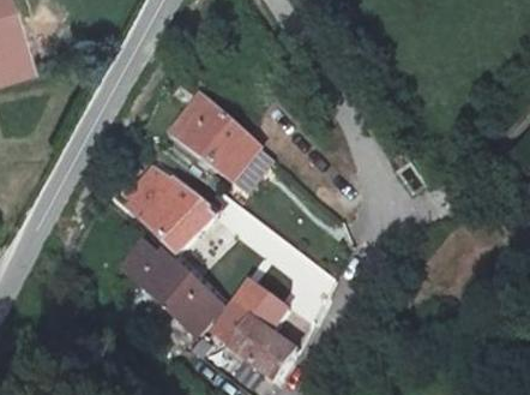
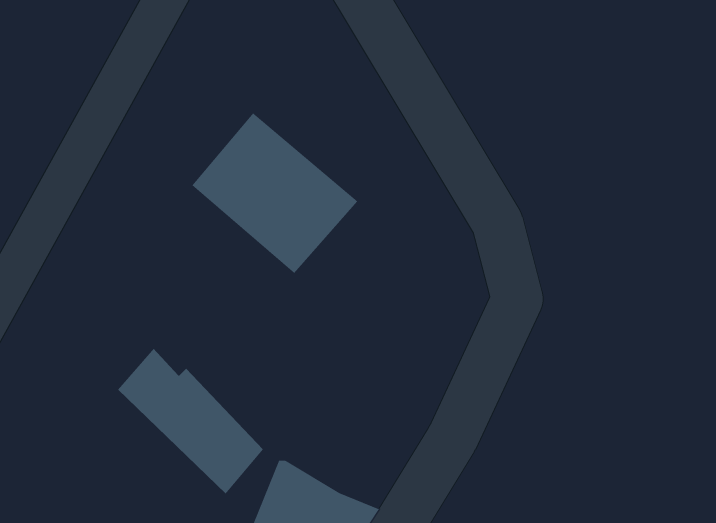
building: [139,157,212,251] -> none
building: [235,287,283,336] -> none

